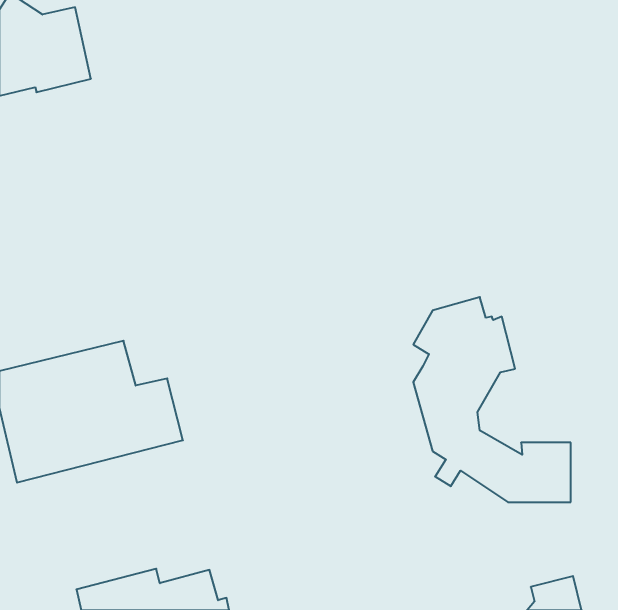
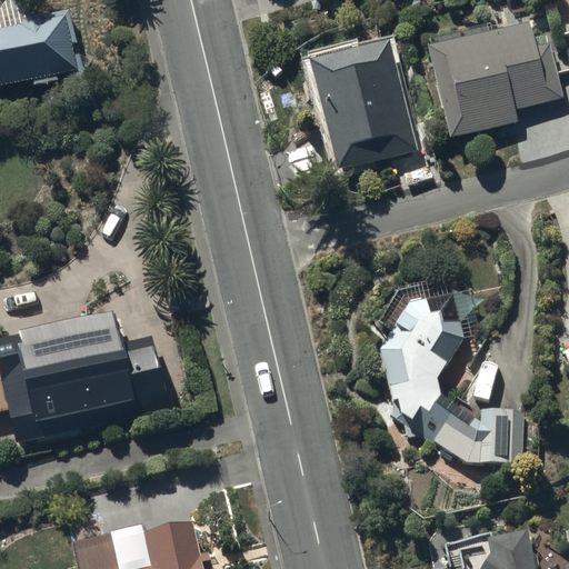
building: none -> [427,23,561,137]
building: none -> [309,36,417,170]

